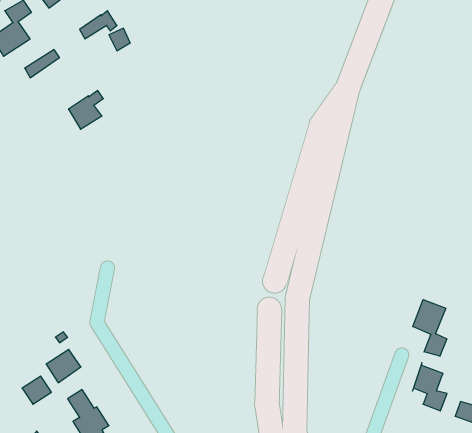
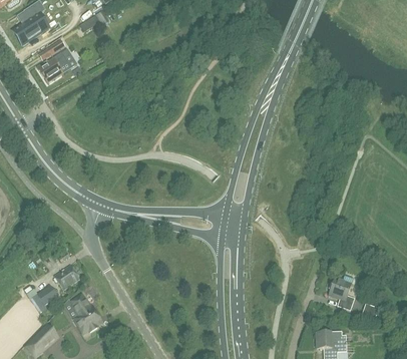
building: [68,90,103,129] -> [38,52,64,81]
building: [413,300,447,356] -> none

